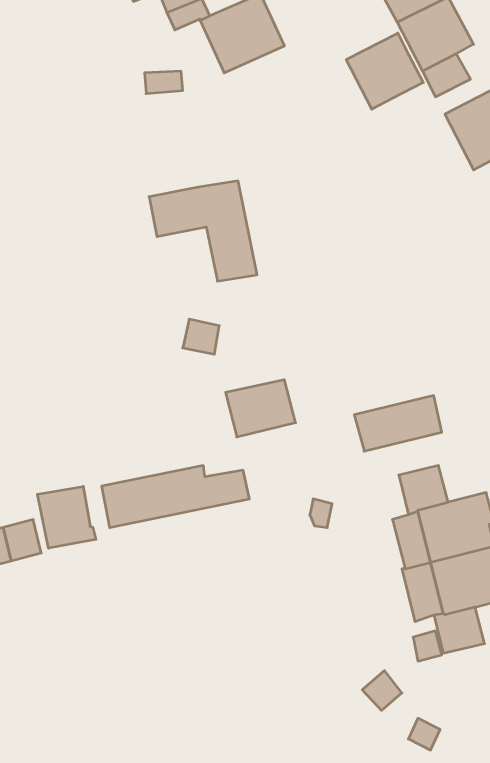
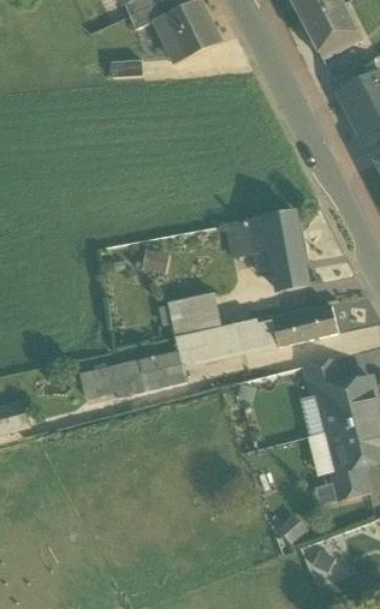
building: [346,33,423,109] -> none
building: [149,181,257,281] -> [227,214,309,289]
building: none -> [155,320,279,366]
building: [37,486,96,548] -> none

